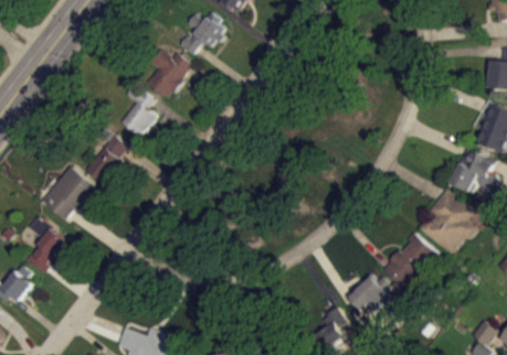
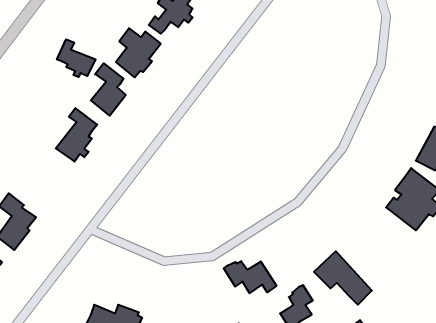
building: none -> [57,39,96,77]
building: [43,165,99,217] -> none
building: [382,232,435,288] -> none
building: none -> [224,261,276,293]

